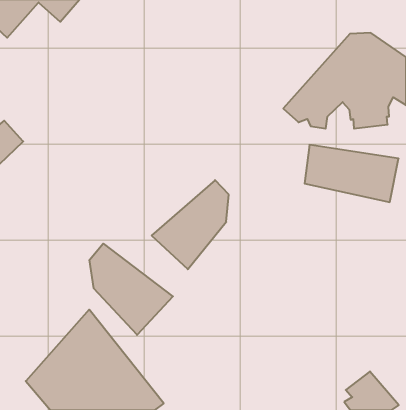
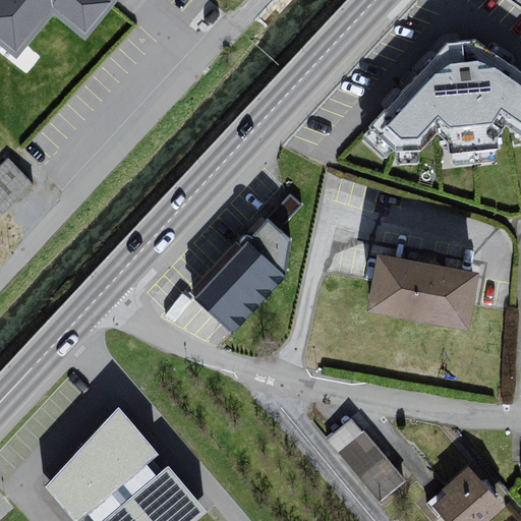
building: [305,145,399,202] -> [368,262,487,334]
building: [90,244,173,335] -> none
building: none -> [324,412,400,500]

